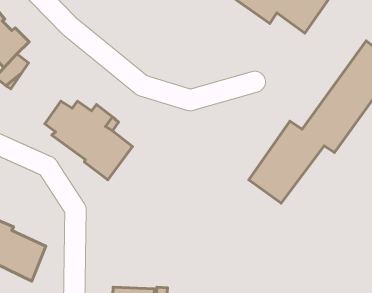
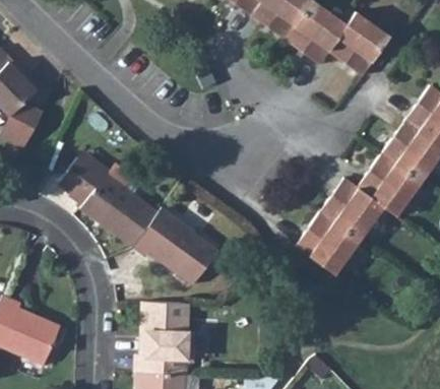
building: none -> [132,207,216,286]
building: none -> [138,304,188,375]

